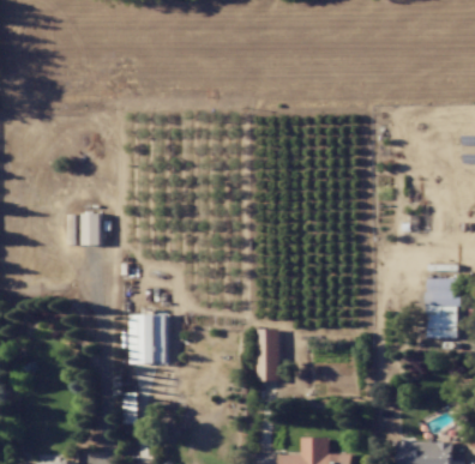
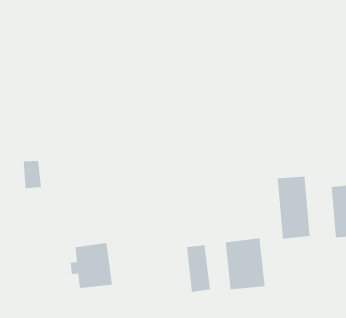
building: none -> [277,176,310,239]
building: none -> [225,238,266,290]

